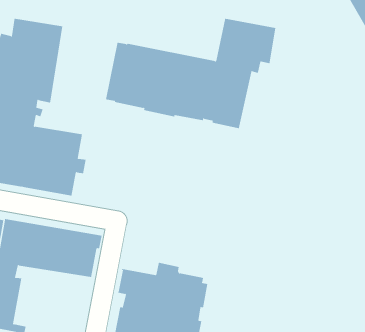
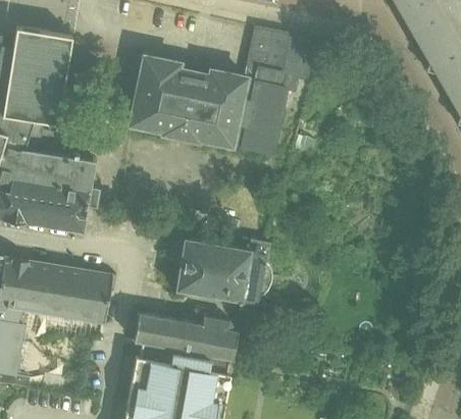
building: none -> [177,240,273,314]

